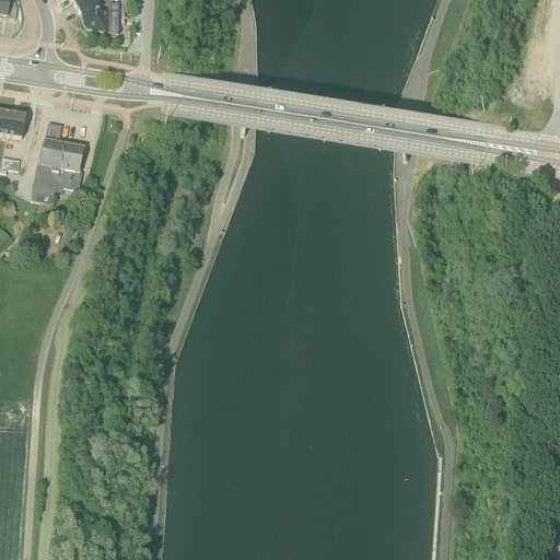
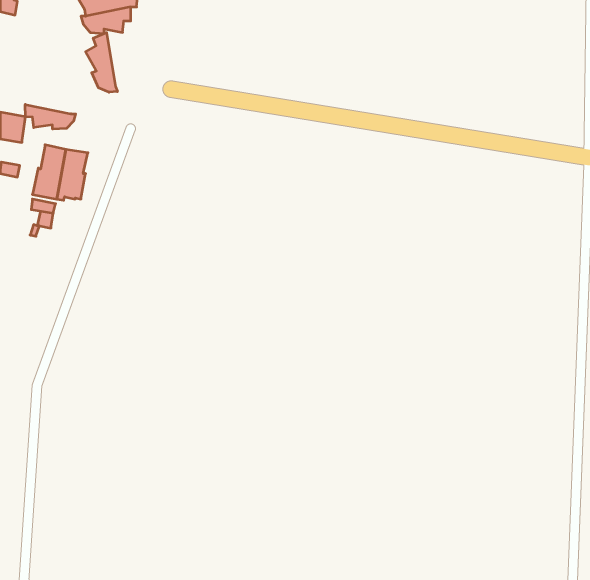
building: none -> [86,33,117,92]
building: none -> [25,104,76,129]

